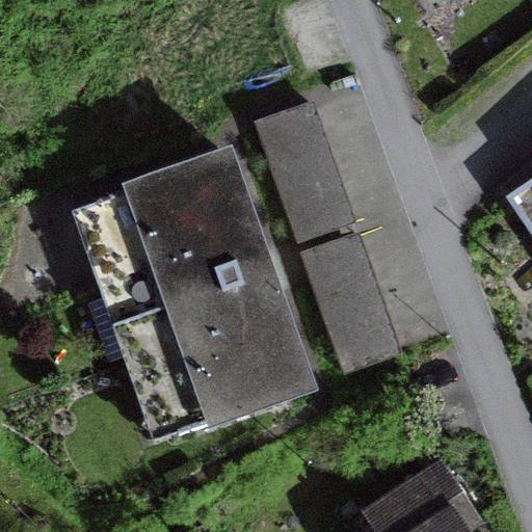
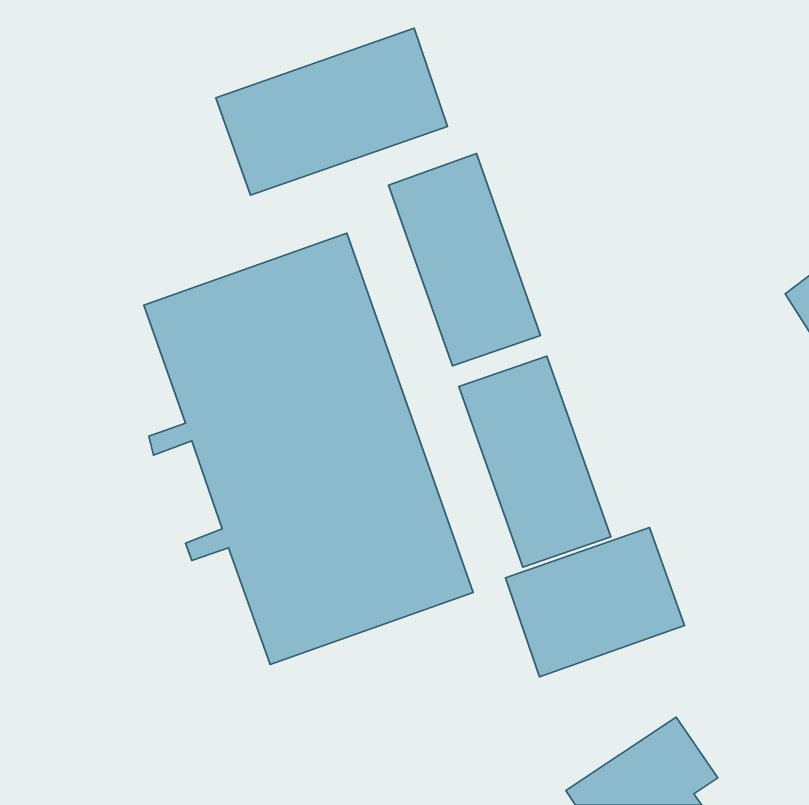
building: none -> [216,28,447,195]
building: none -> [505,528,685,677]

